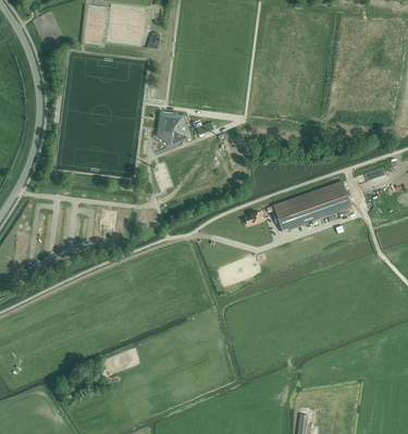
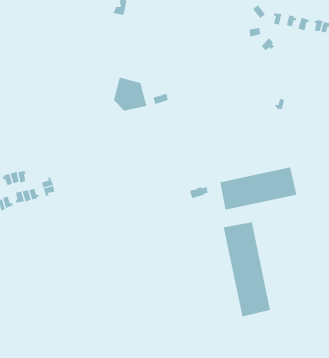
building: none -> [223,221,271,317]

